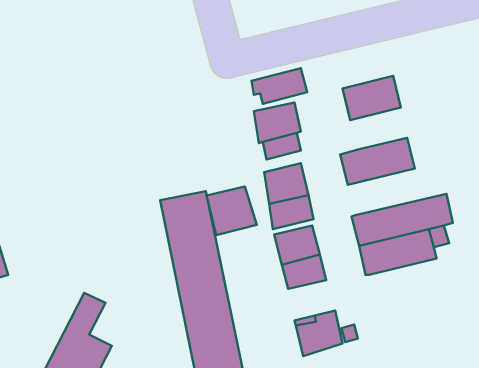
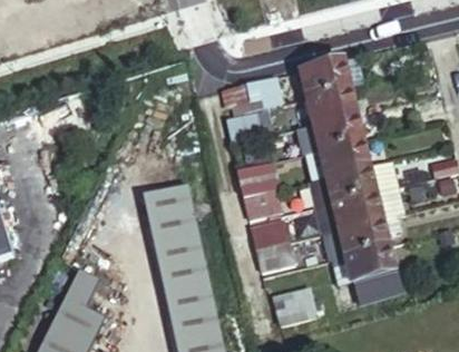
building: none -> [301,51,365,91]
building: none -> [313,108,363,145]
building: none -> [311,157,398,203]
building: [207,186,257,235] -> none
building: none -> [330,241,395,289]

